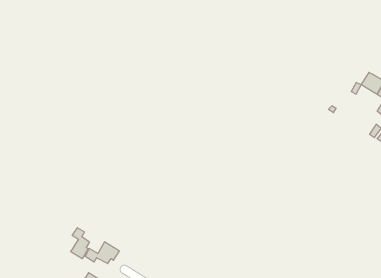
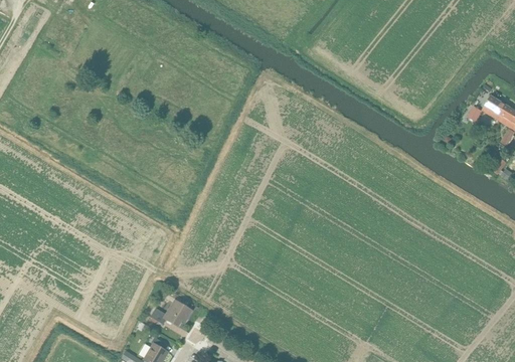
building: [71,228,89,259] -> none

